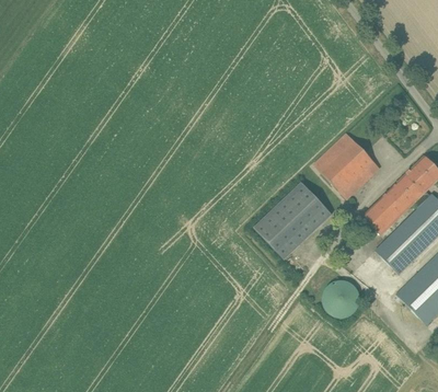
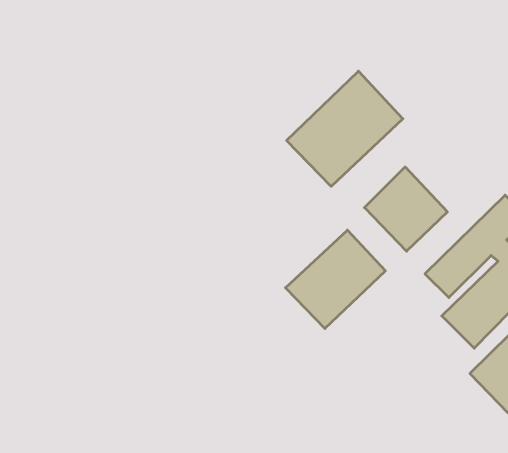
building: none -> [287,71,403,186]
building: [321,280,359,318] -> none

